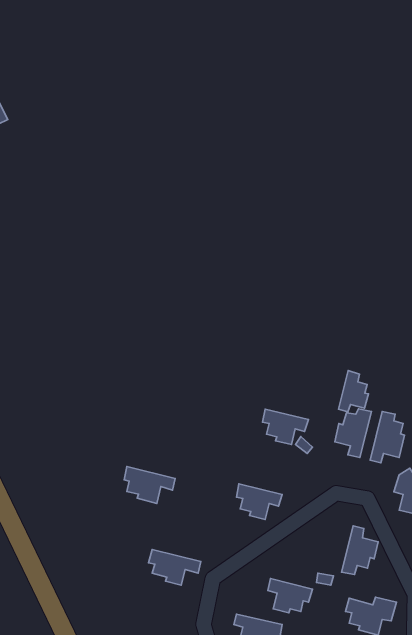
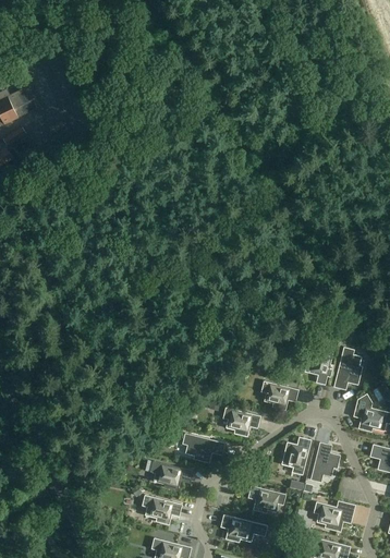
building: [338,371,368,412] -> none
building: [262,409,308,445] -> [261,380,300,410]
building: [124,467,175,503] -> [183,433,226,463]
building: none -> [284,437,312,475]
building: none -> [143,495,183,524]

